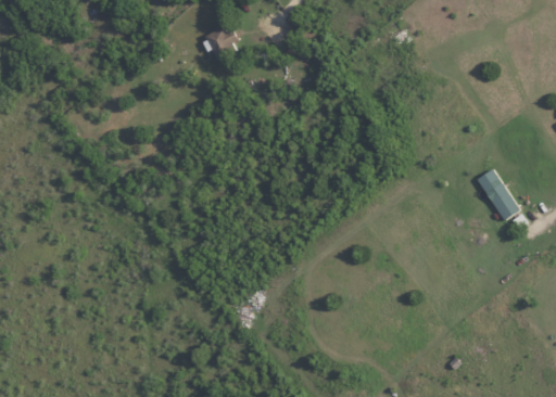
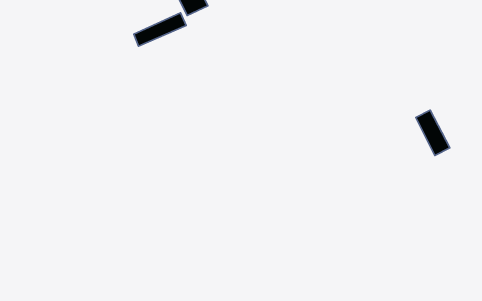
building: none -> [134,13,186,46]

